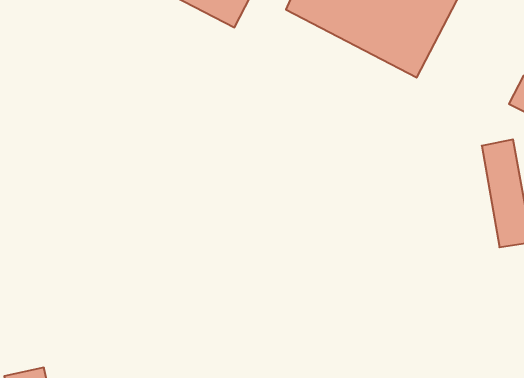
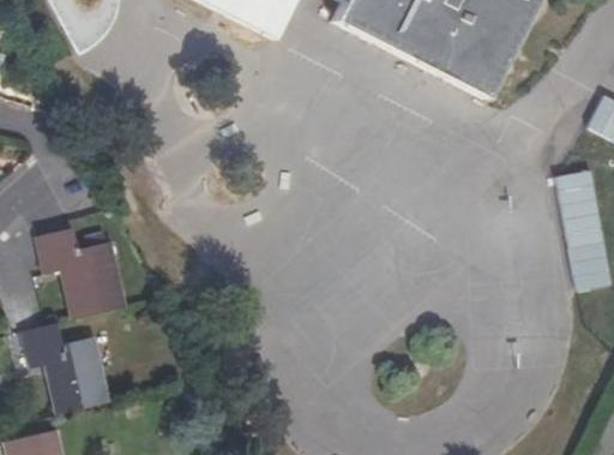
building: none -> [42,227,125,318]
building: none -> [25,322,109,412]

